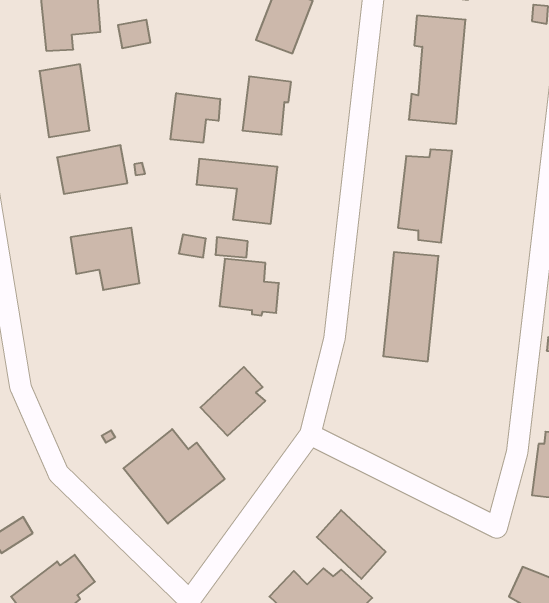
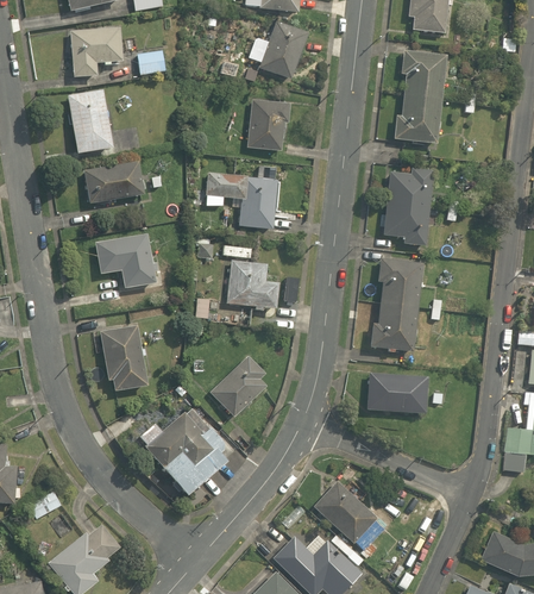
building: [170,93,220,143] -> none
building: none -> [101,325,149,390]
building: none -> [369,371,426,412]

